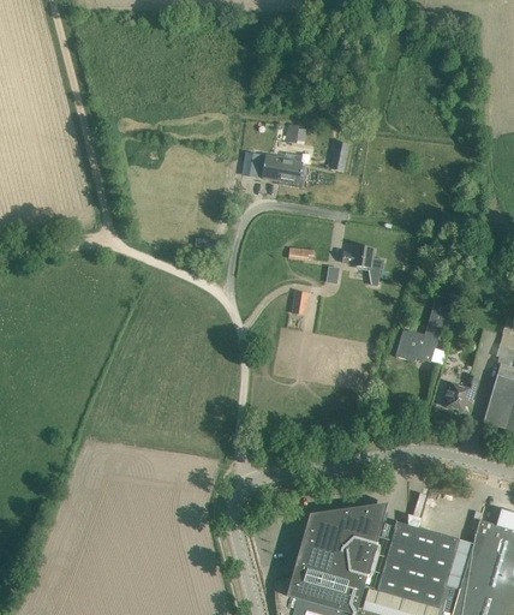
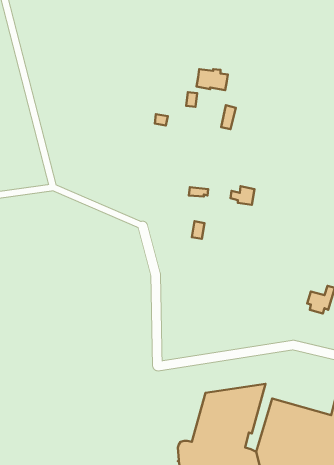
building: [263,154,304,181] -> [196,69,228,90]
building: [396,303,447,360] -> none

